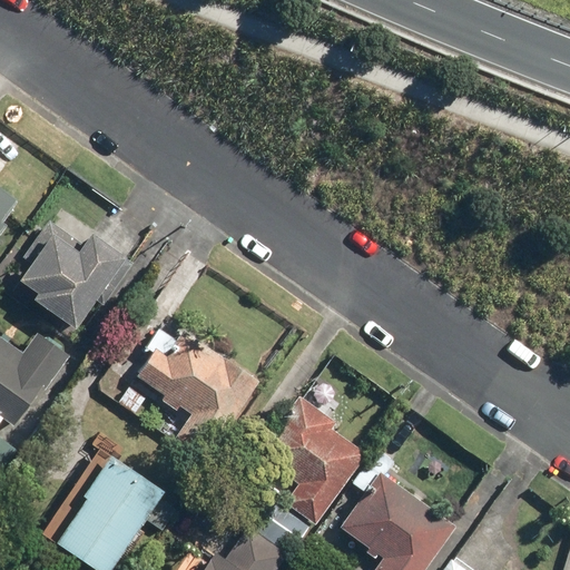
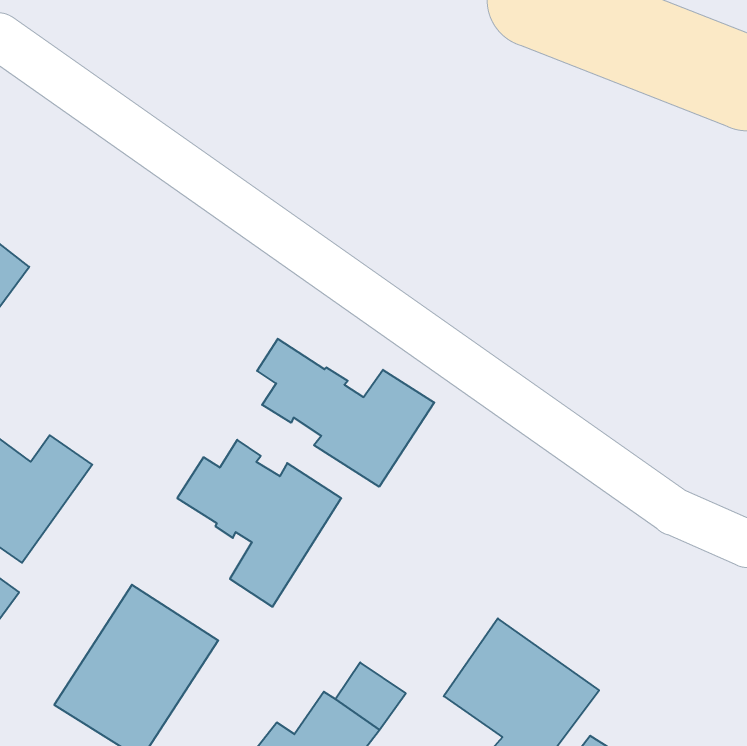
building: [19,223,125,331] -> none
building: none -> [257,339,434,487]
building: [263,397,367,527] -> none

